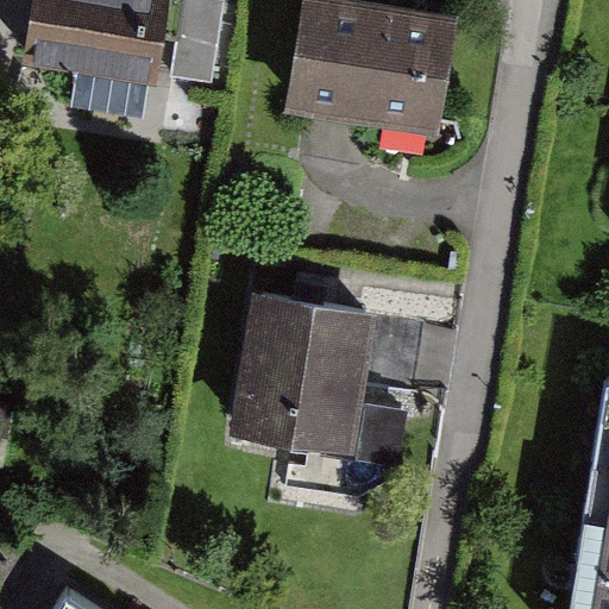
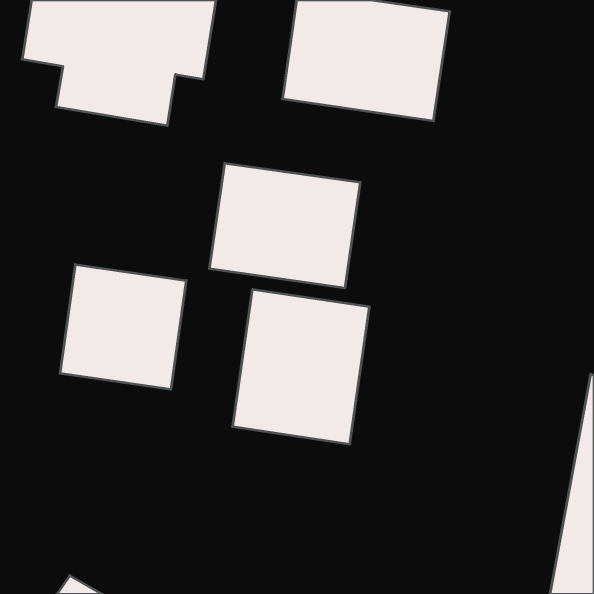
building: none -> [210,163,360,288]
building: none -> [60,264,186,389]

